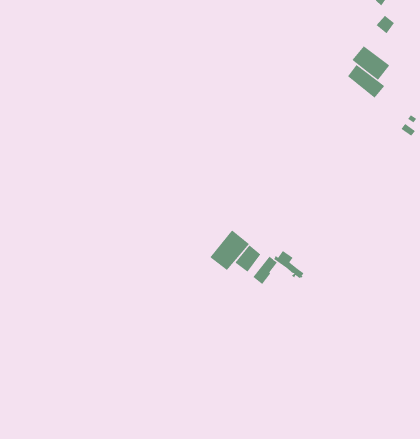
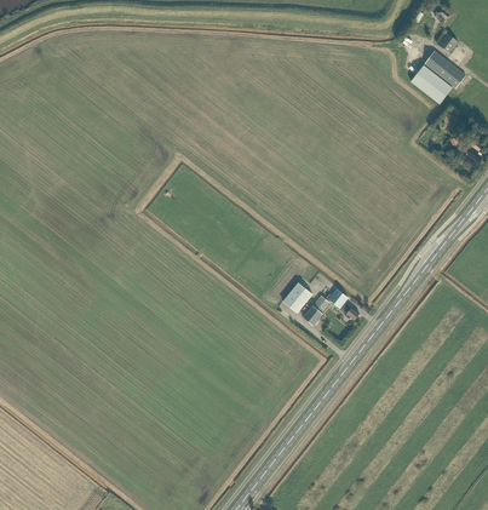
building: [347,64,385,99] -> [424,50,465,87]
building: [210,230,250,271] -> none

